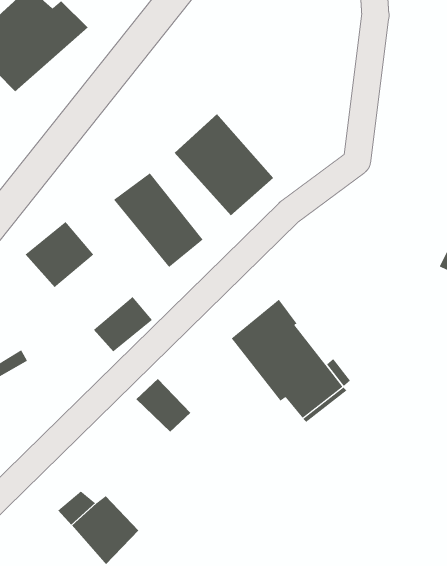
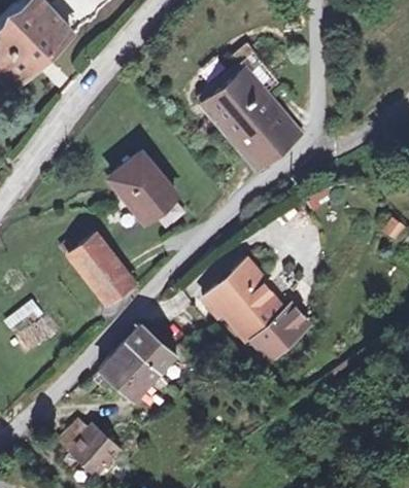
building: [174,113,274,216] -> [210,75,294,161]
building: [25,221,94,288] -> [64,230,122,285]
building: none -> [93,343,152,404]

